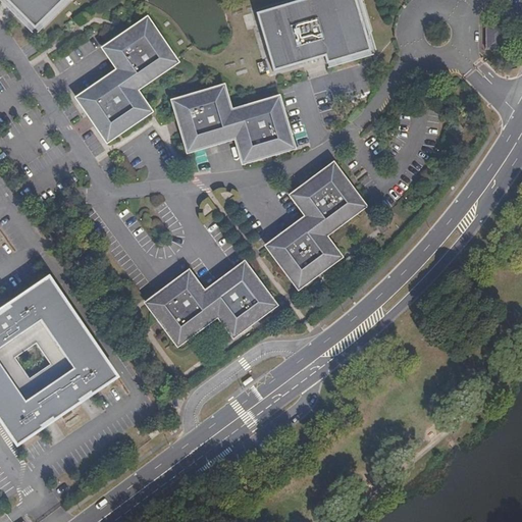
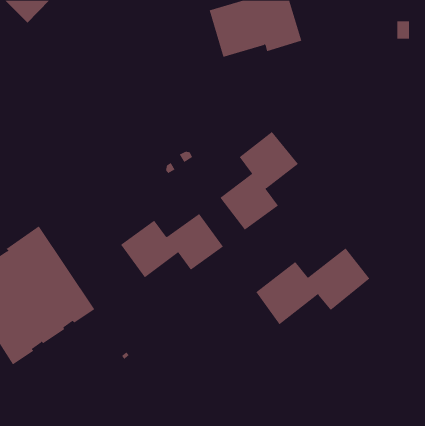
building: [79,17,176,138] -> none
building: [174,85,294,159] -> none
building: none -> [255,247,370,325]

